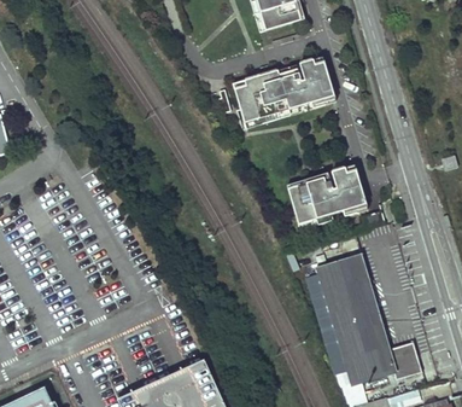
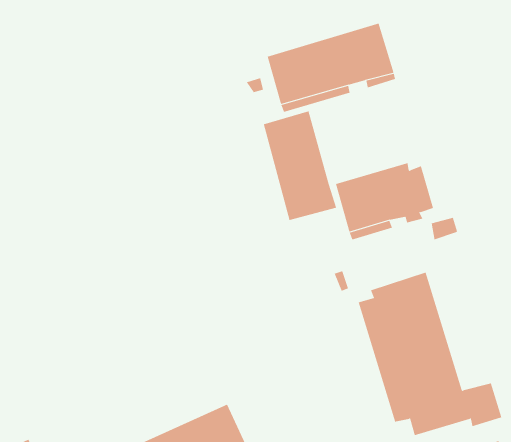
building: none -> [263,111,337,221]

